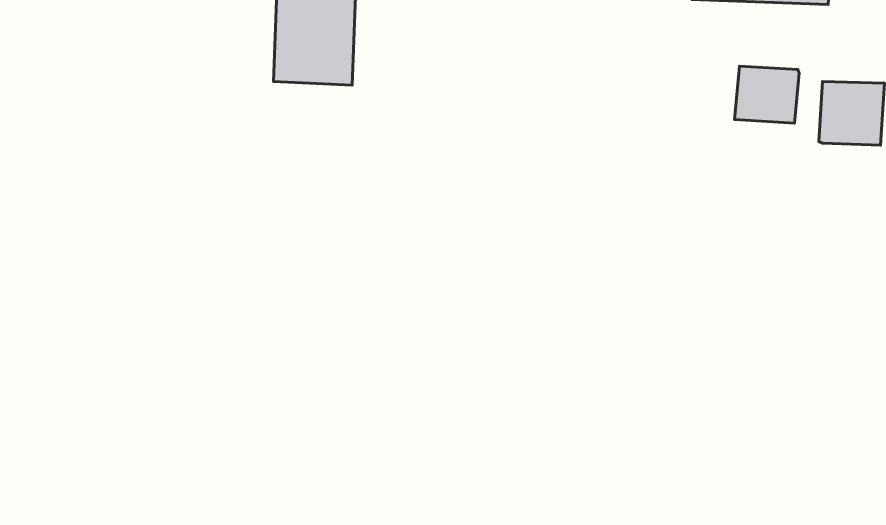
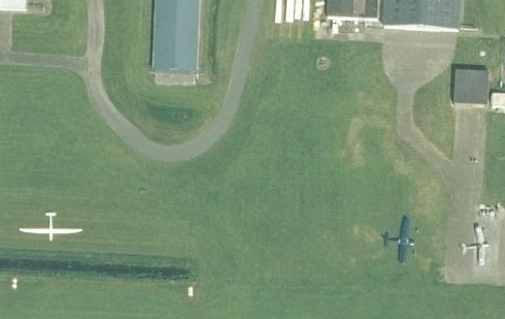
building: [734,66,799,123] -> none

